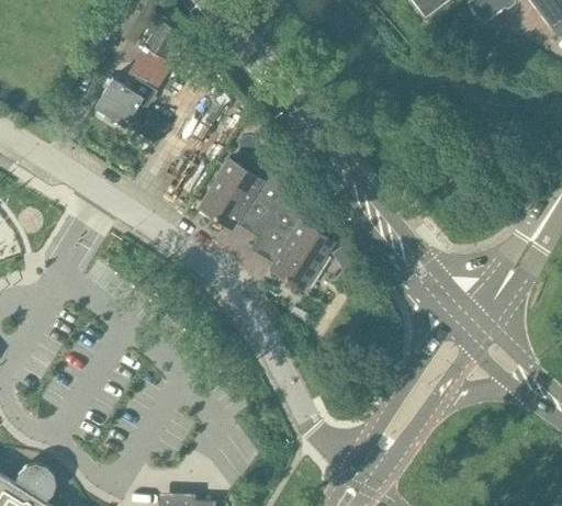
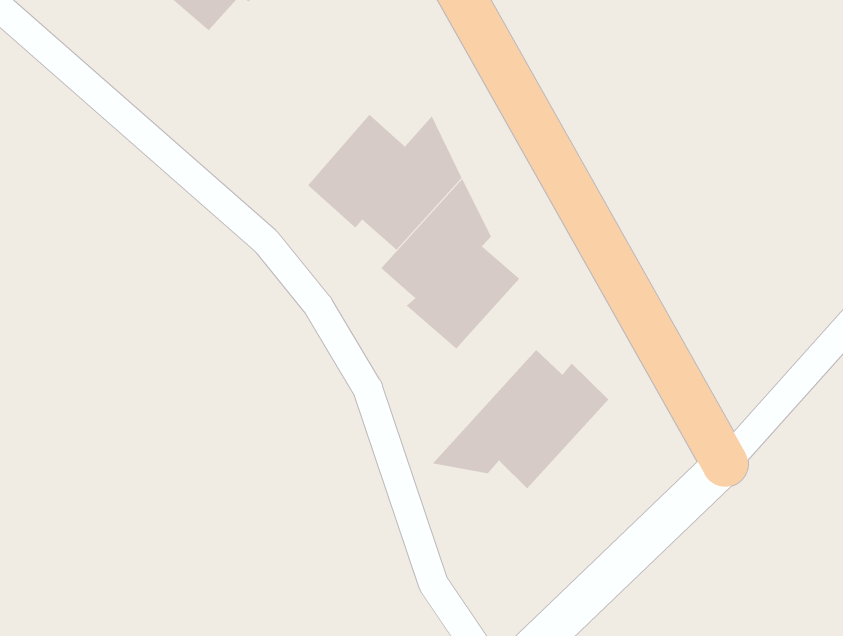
building: none -> [432,349,609,489]

